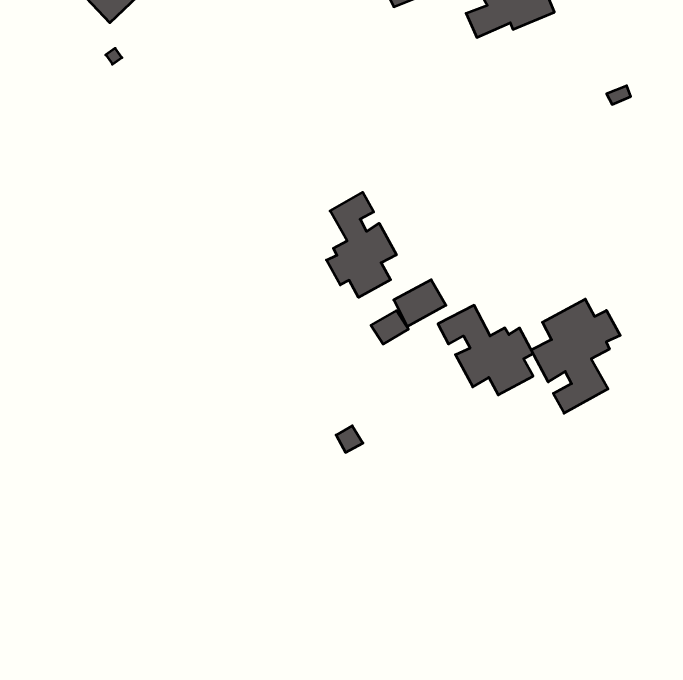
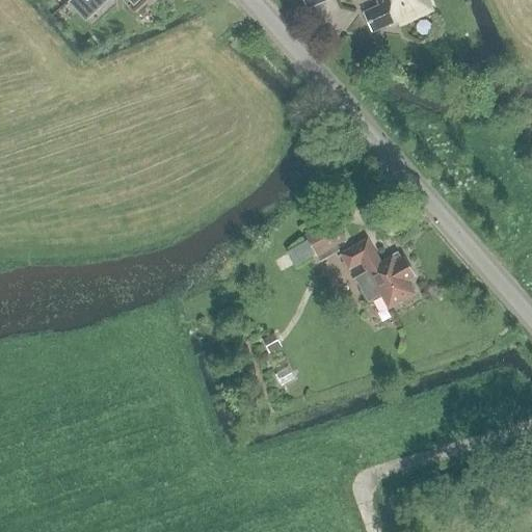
building: [326,192,396,297] -> none
building: [531,299,620,413] -> none

